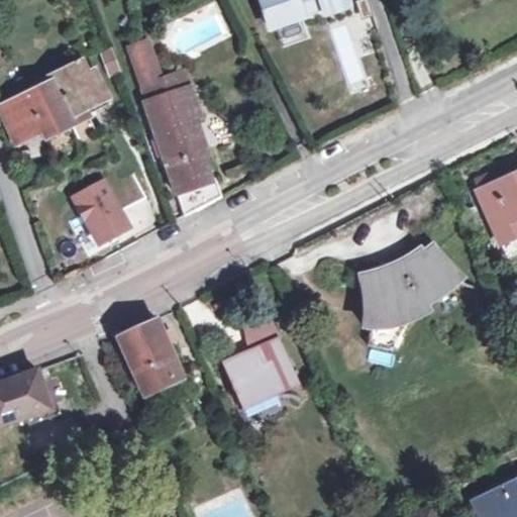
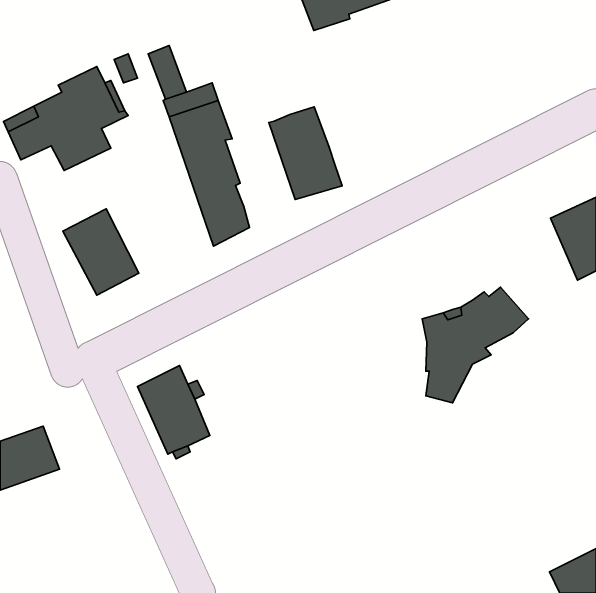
building: none -> [269,107,342,199]
building: [228,323,298,403] -> none

